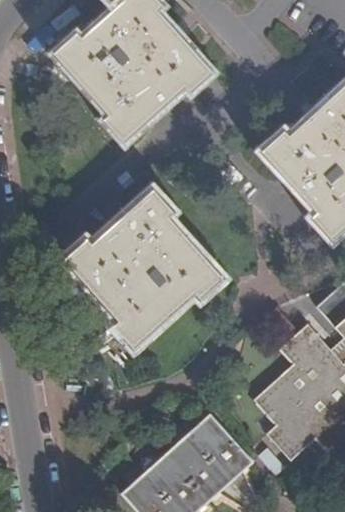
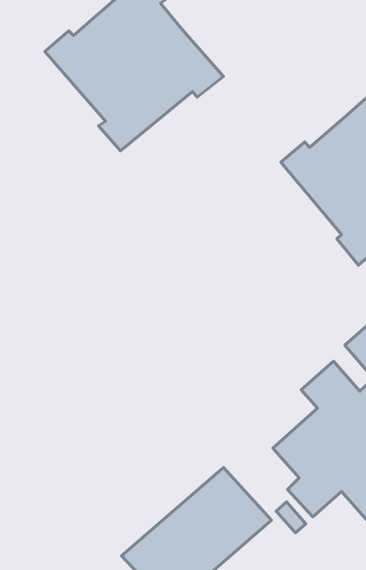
building: [64,189,220,347] -> none

